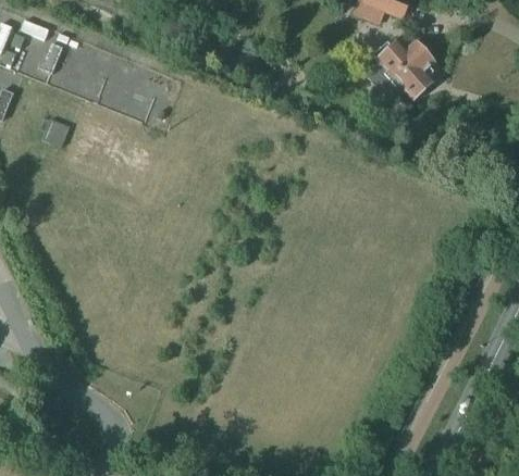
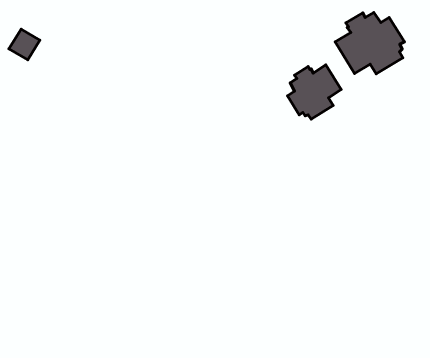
building: none -> [288,65,341,119]

